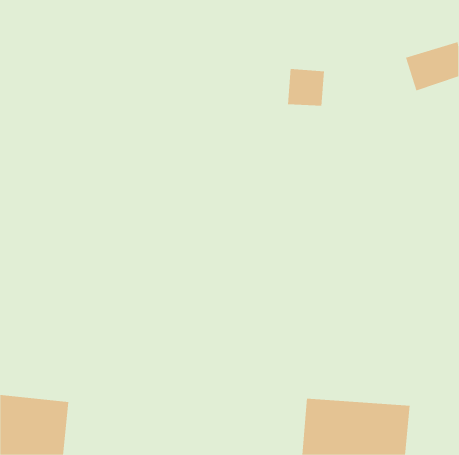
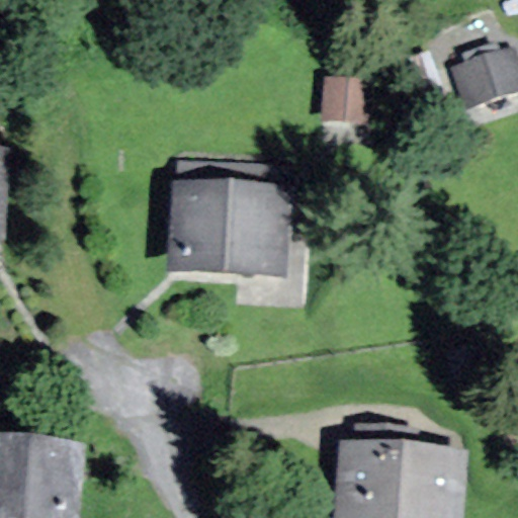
building: none -> [170,188,283,273]

